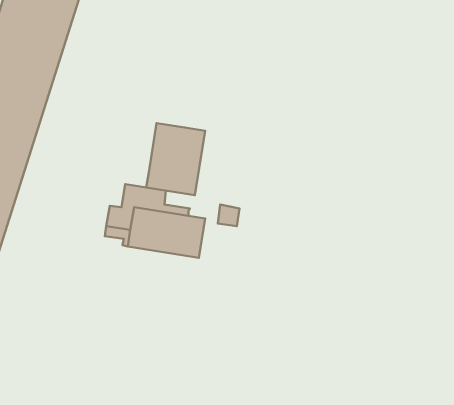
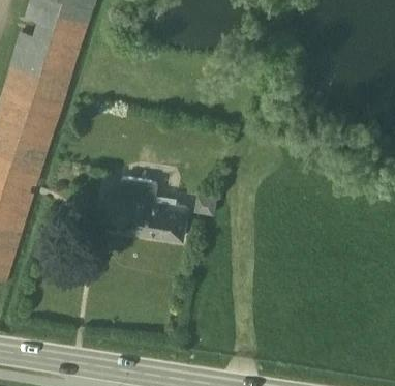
building: [146,123,205,195] -> none

